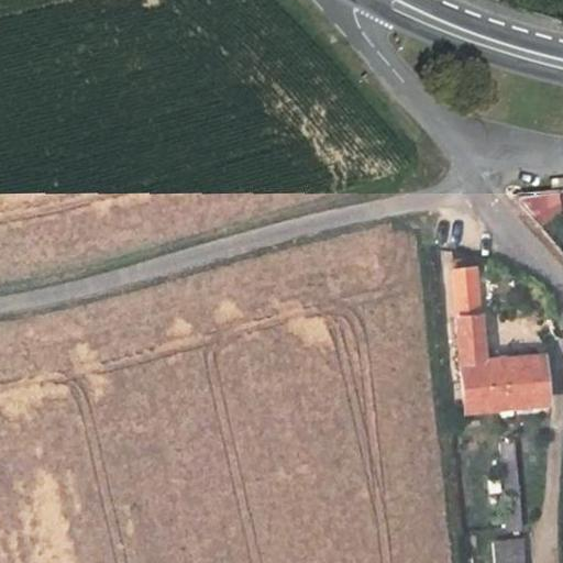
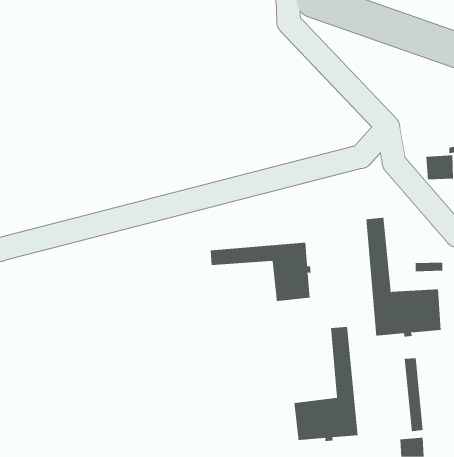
building: none -> [210,242,311,302]
building: none -> [294,326,358,442]

